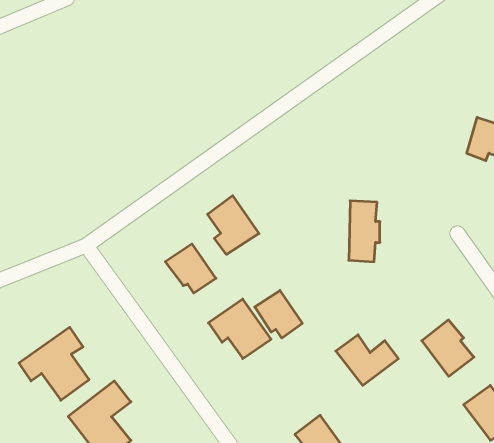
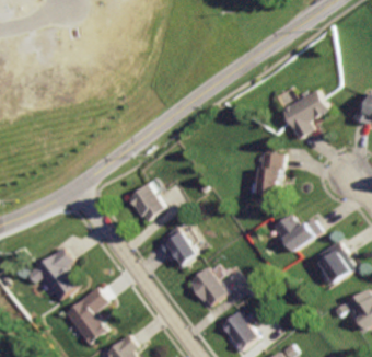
building: none -> [282,90,325,139]
building: [208,196,259,254] -> none
building: [255,290,302,338] -> [195,272,230,307]
building: [336,335,398,385] -> [278,217,324,254]

